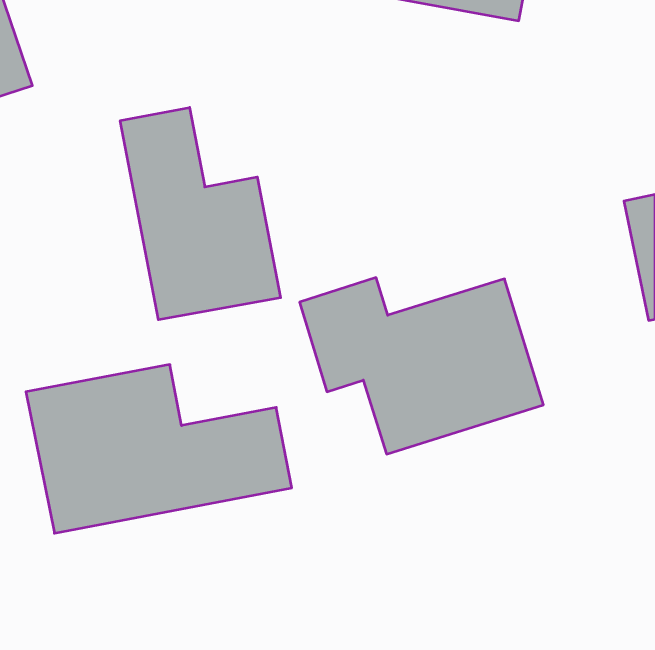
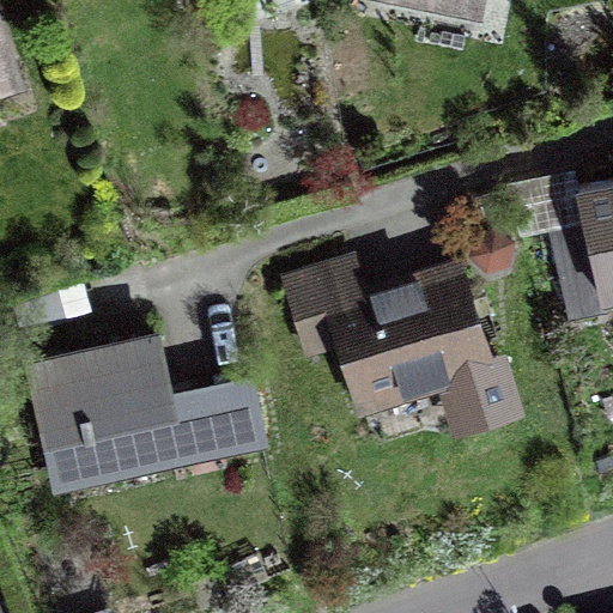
building: [120,107,281,320] -> none

